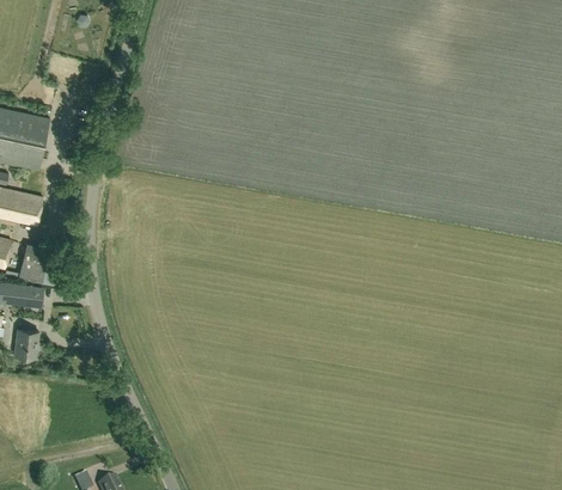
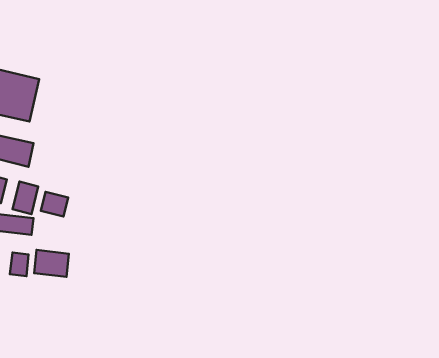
building: none -> [41,192,68,217]
building: none -> [34,250,69,277]

